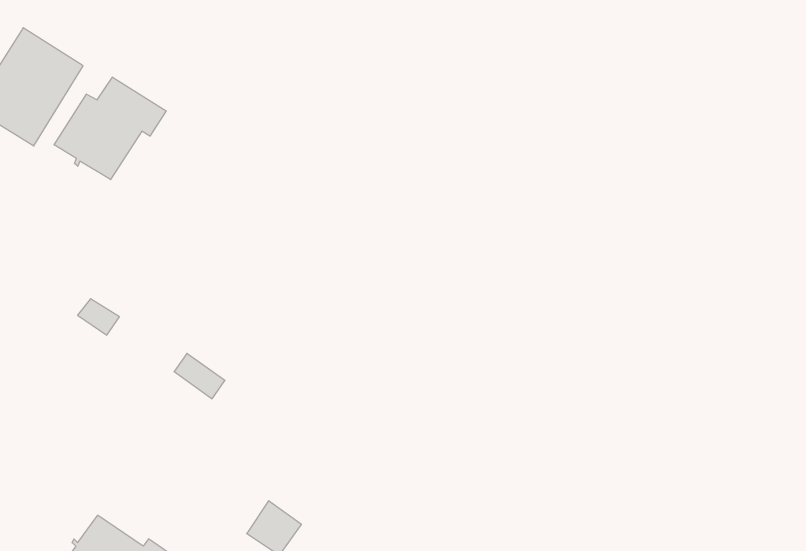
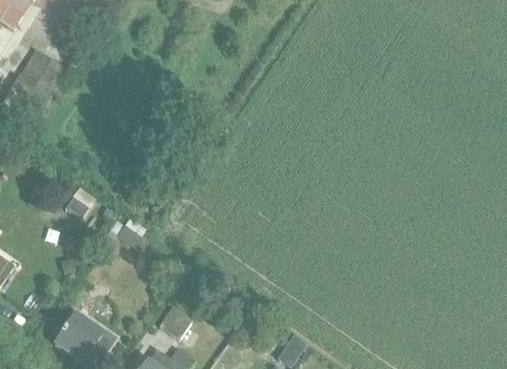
building: [54,77,166,180] -> none

